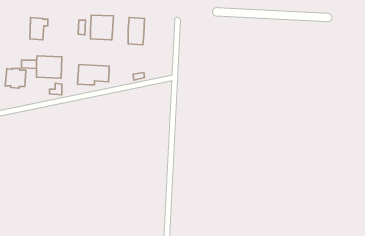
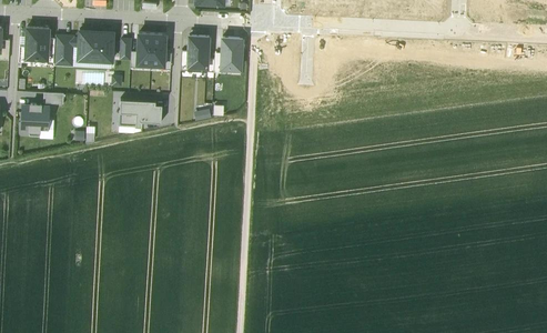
building: none -> [26,27,49,60]
building: none -> [221,38,242,69]
building: [36,56,62,78] -> [79,30,113,60]

